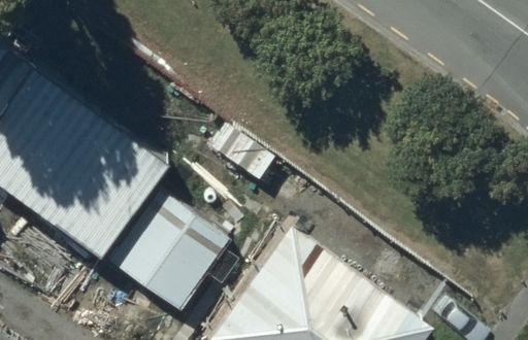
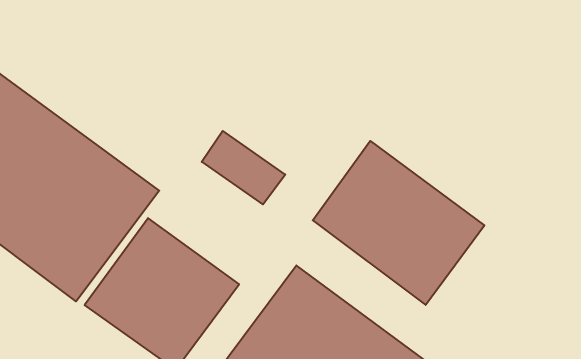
building: none -> [313,141,484,305]

